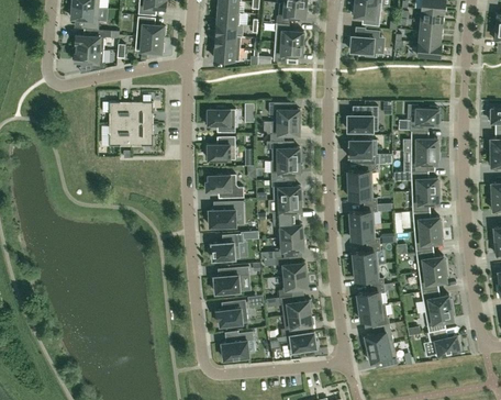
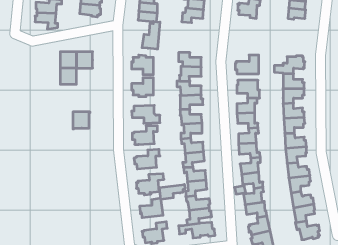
building: none -> [142,21,160,49]
building: [131,124,154,147] -> [73,112,90,129]
building: none -> [159,184,185,200]

